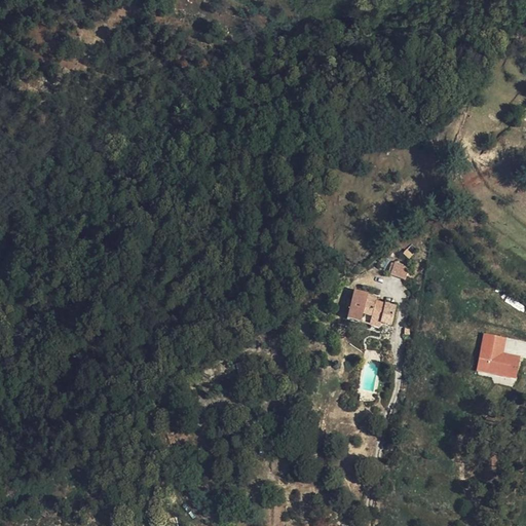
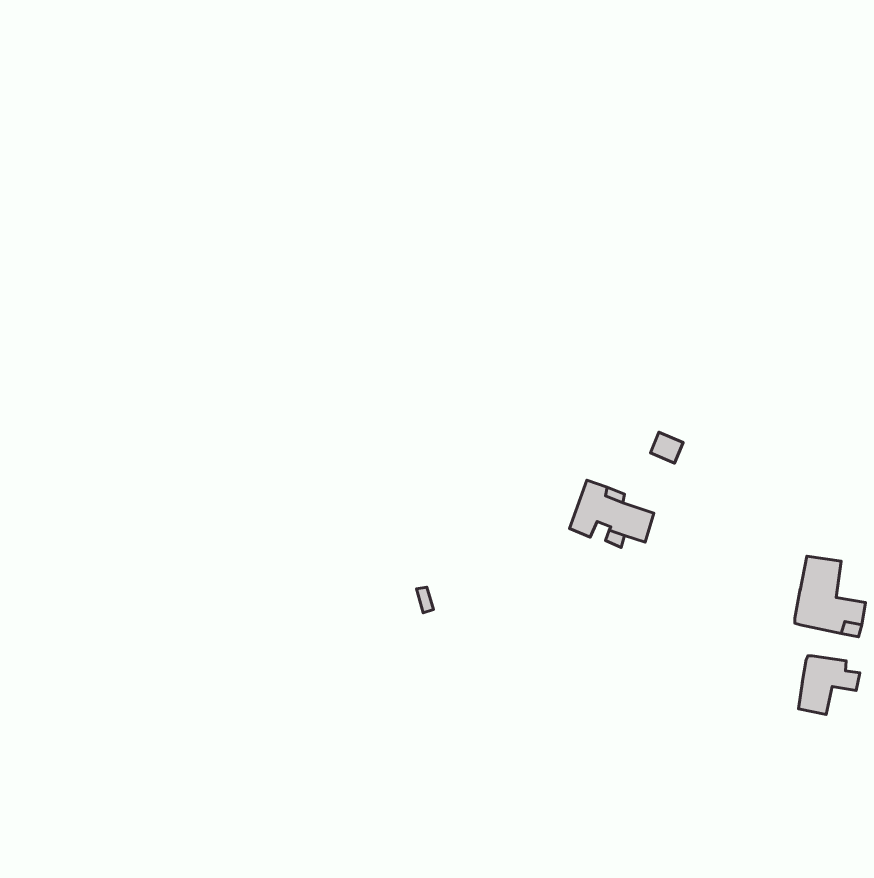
building: none -> [798,656,860,715]

